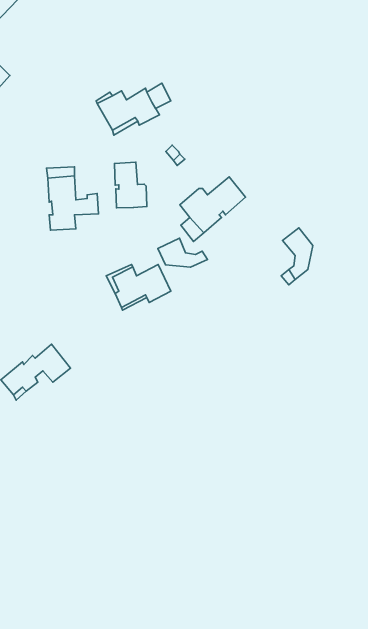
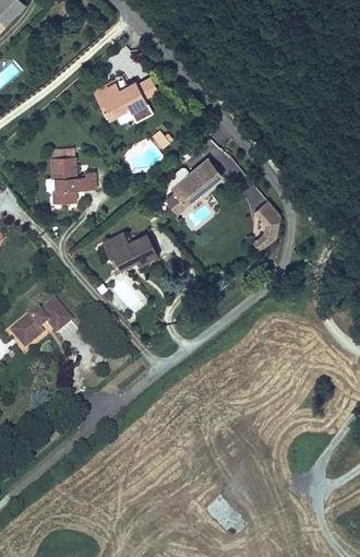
building: [114,162,147,208] -> none
building: [158,238,208,267] -> none

